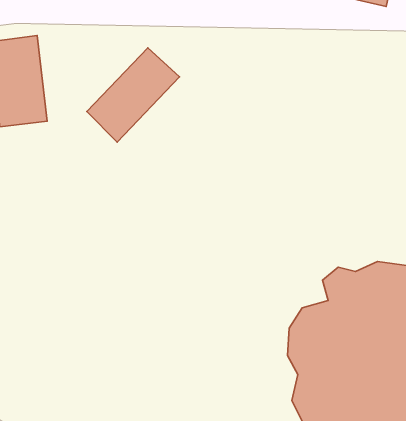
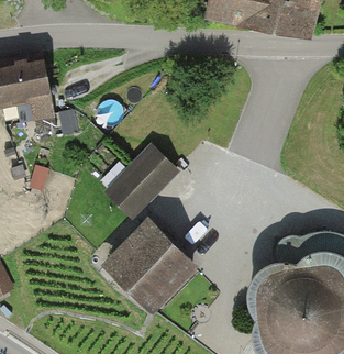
building: [87,48,180,142] -> [98,147,168,219]
building: none -> [103,223,186,306]

